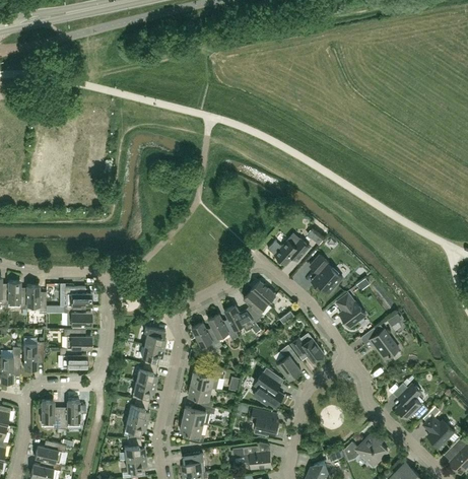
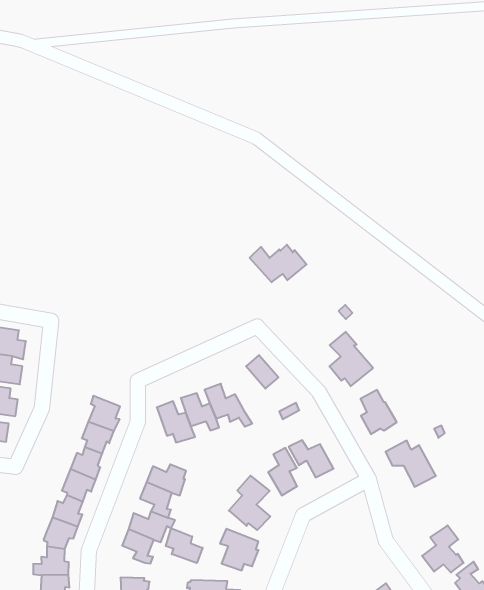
building: [268,235,310,264] -> [250,245,307,282]
building: [244,289,268,323] -> none
building: none -> [166,528,203,563]

